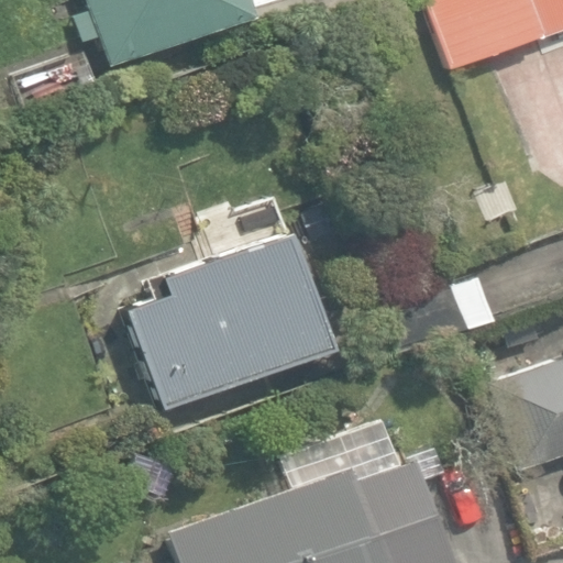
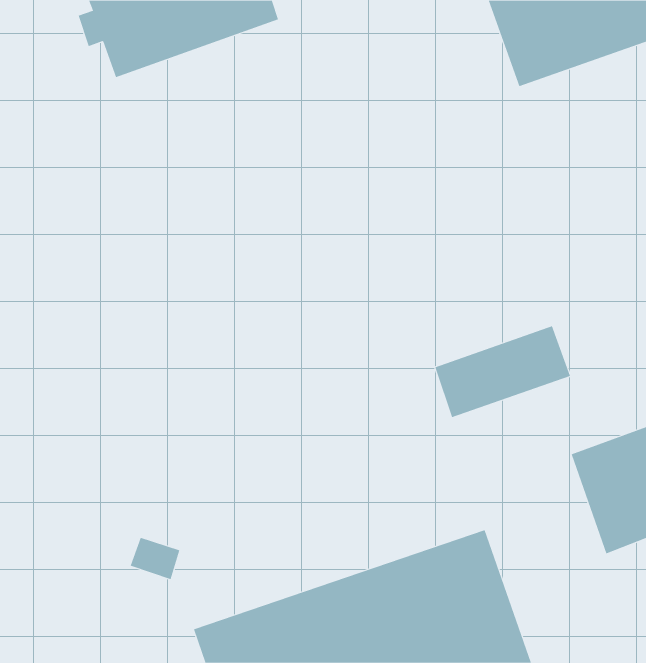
building: [129,233,329,407] -> none

